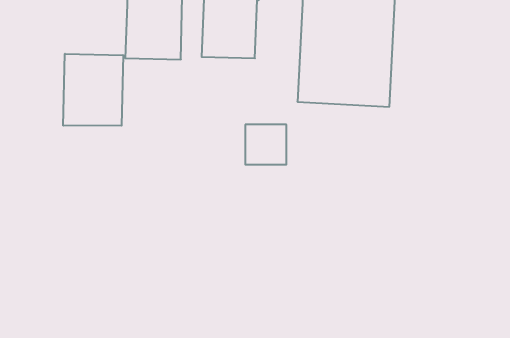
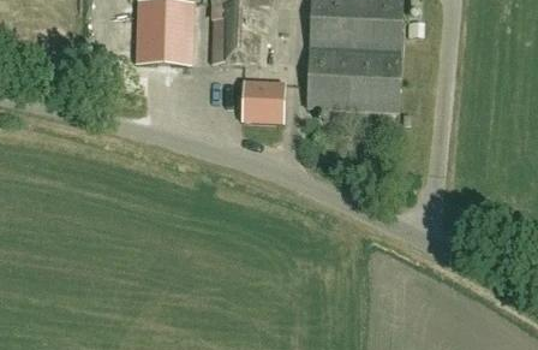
building: [63,54,123,126] -> none
building: [245,125,286,165] -> [243,81,283,120]

